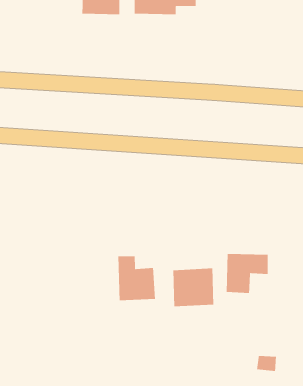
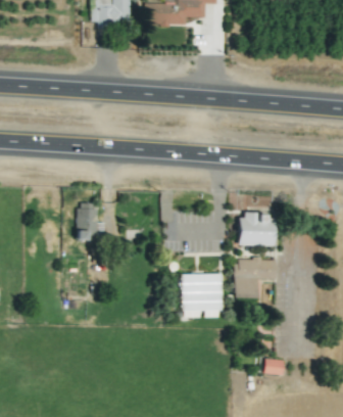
building: none -> [77,202,104,240]
building: none -> [239,214,275,246]
building: [117,255,156,301] -> none

